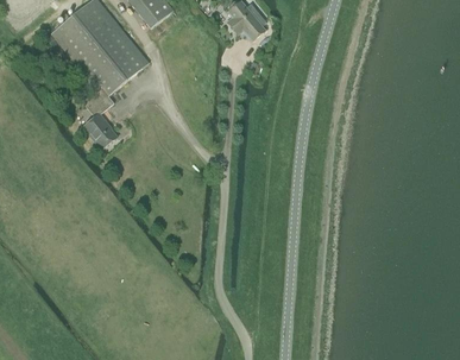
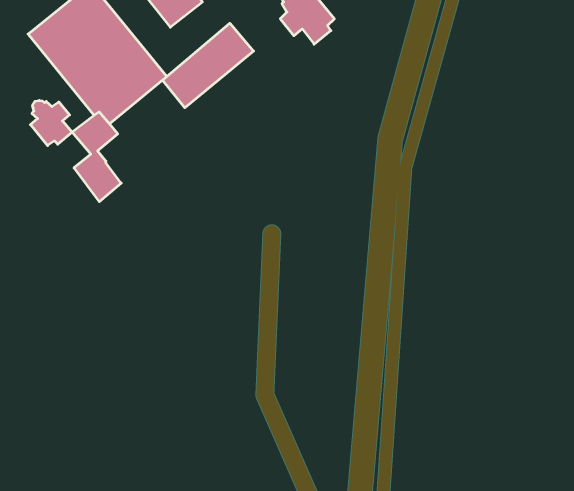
building: none -> [163,23,254,108]
building: none -> [30,100,72,146]

